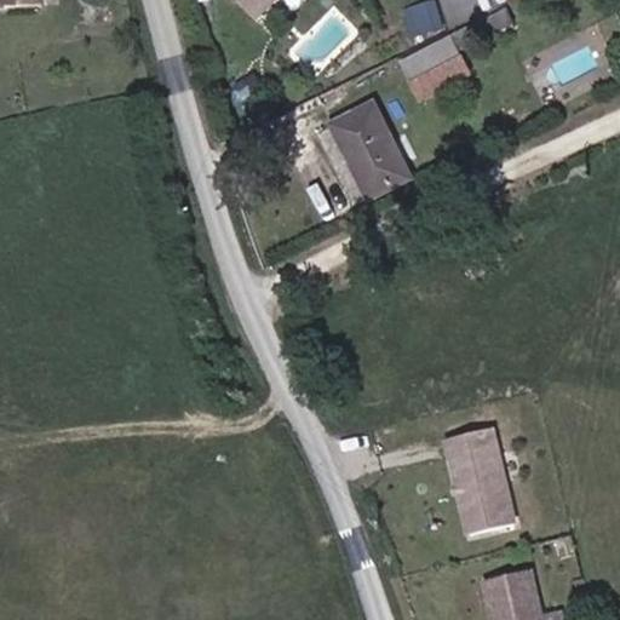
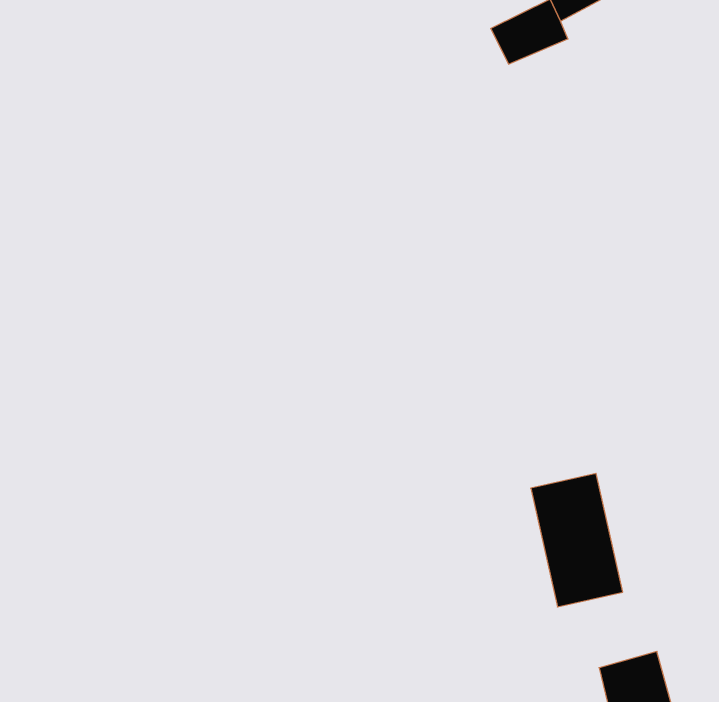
building: [321,101,408,203] -> none

